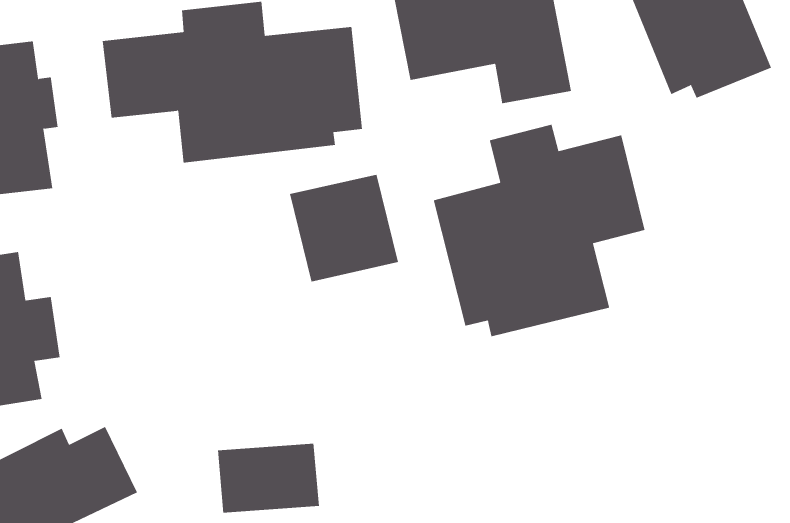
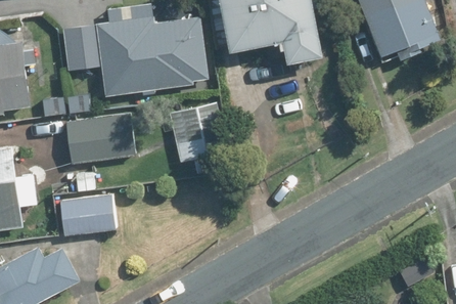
building: [433,124,645,337] -> none
building: none -> [65,115,136,164]
building: [217,443,320,513] -> [55,197,113,236]

